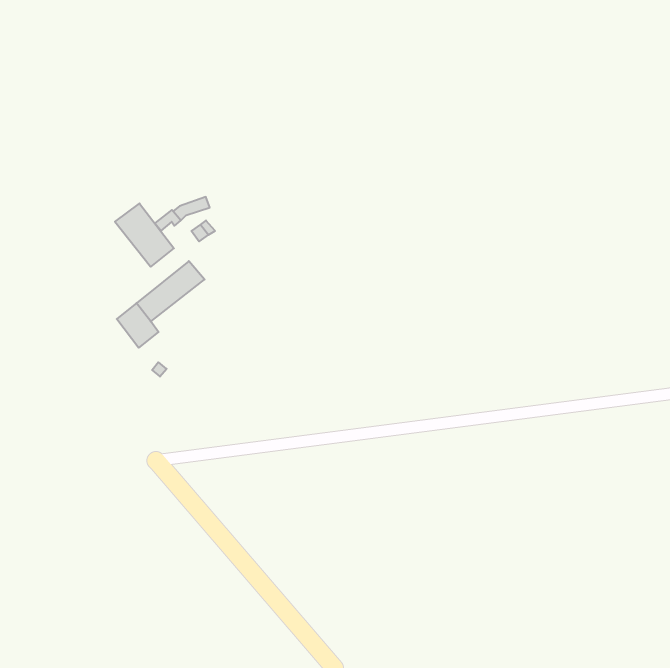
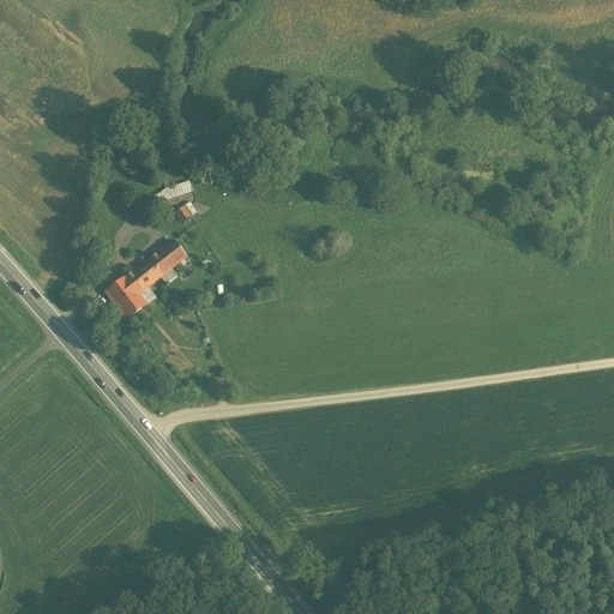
building: [115,203,174,267] -> none

